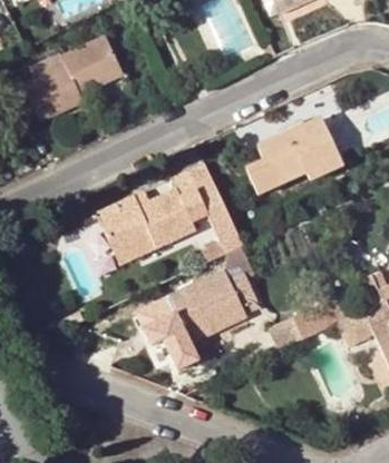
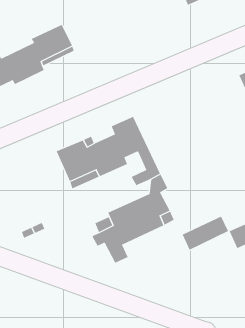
building: [256,117,341,185] -> none

